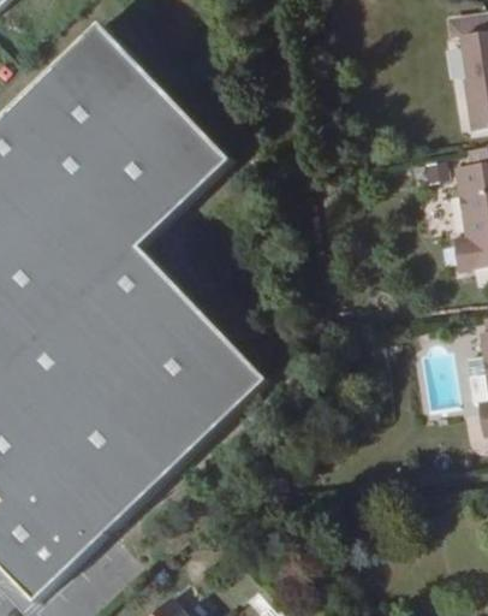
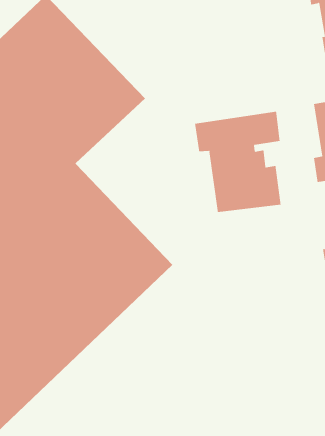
building: none -> [194,111,281,213]

